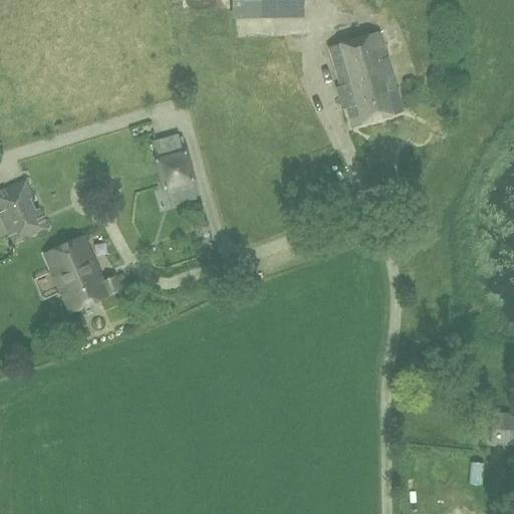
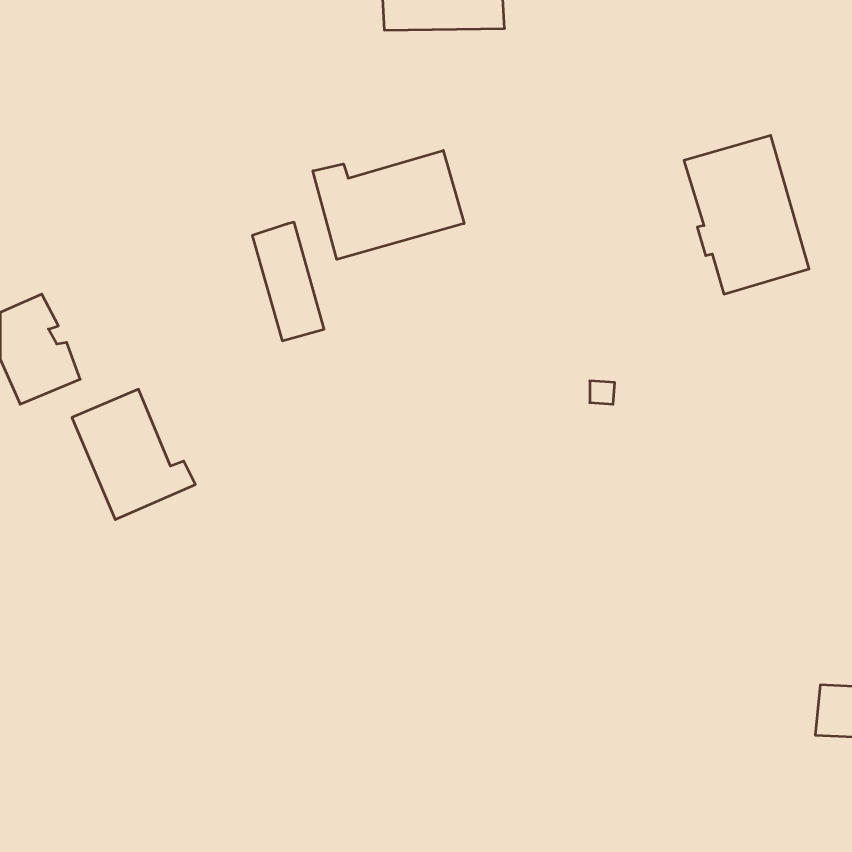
building: [326,29,402,124] -> [684,135,809,294]
building: none -> [313,150,464,259]

